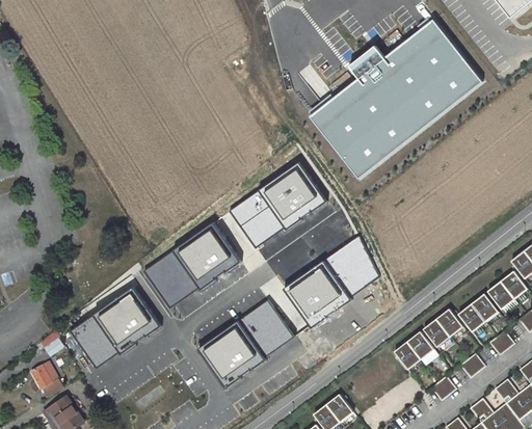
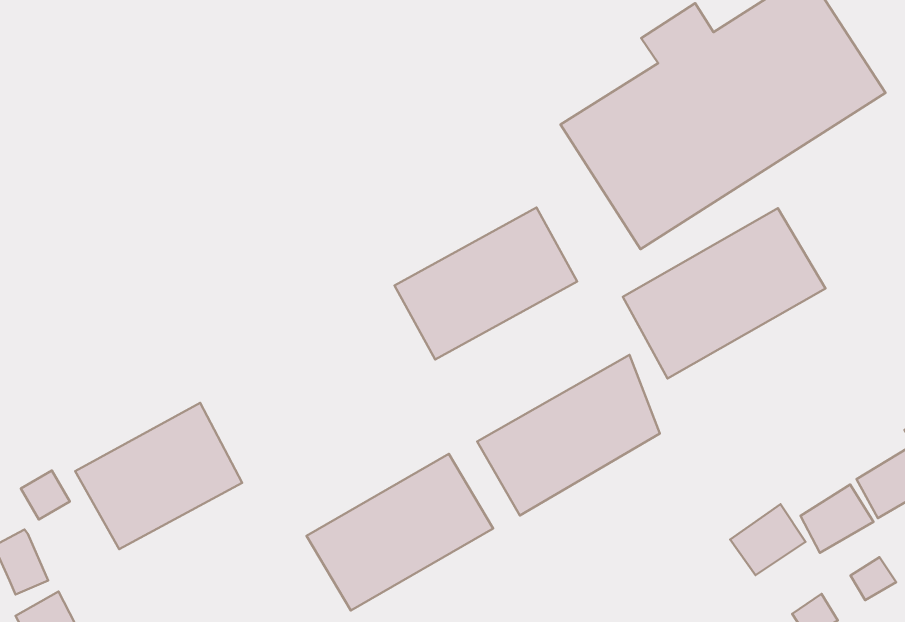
building: none -> [623,208,826,379]
building: [141,222,239,310] -> none
building: [394,331,435,370] -> none

